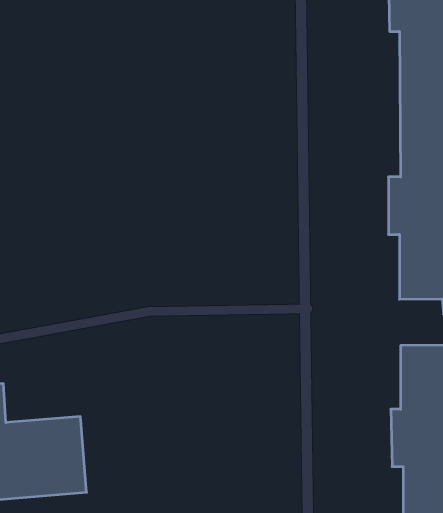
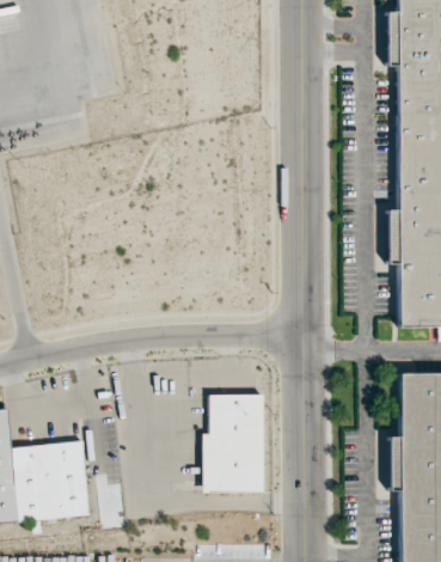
building: none -> [202,395,264,493]

